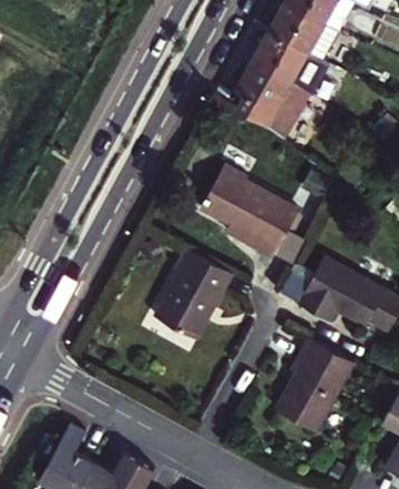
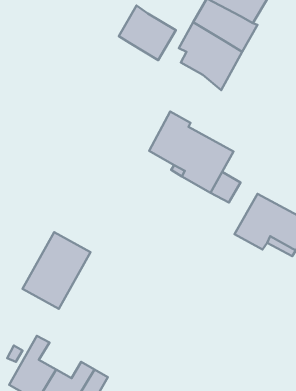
building: none -> [119,5,176,60]
building: [155,252,234,340] -> [22,232,91,309]
building: [276,340,352,434] -> none

